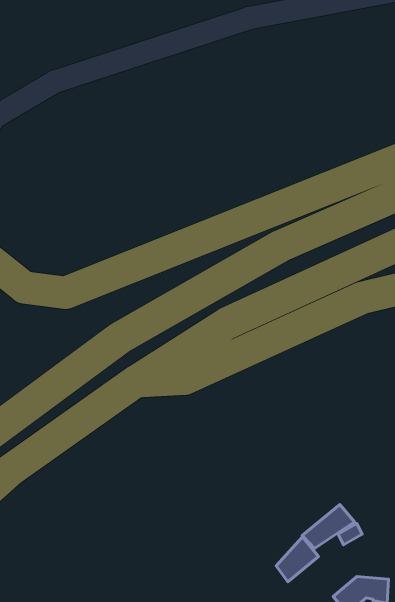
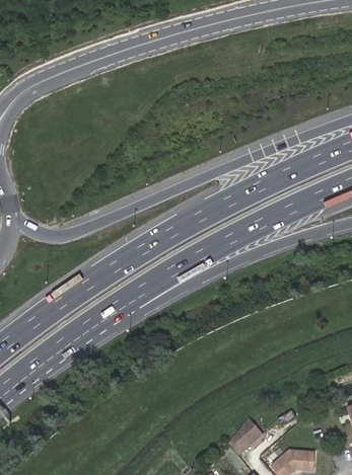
building: [302,504,355,548] -> none

